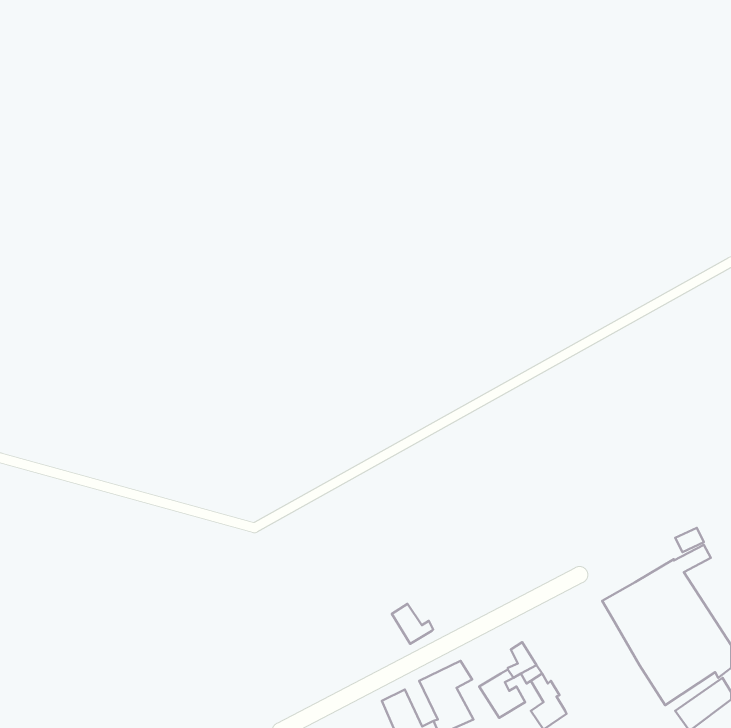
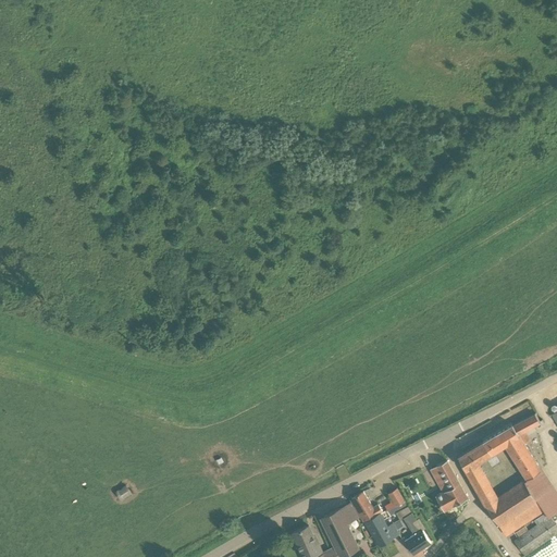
building: [392,604,433,644] -> [350,494,382,524]
building: none -> [430,462,468,513]

